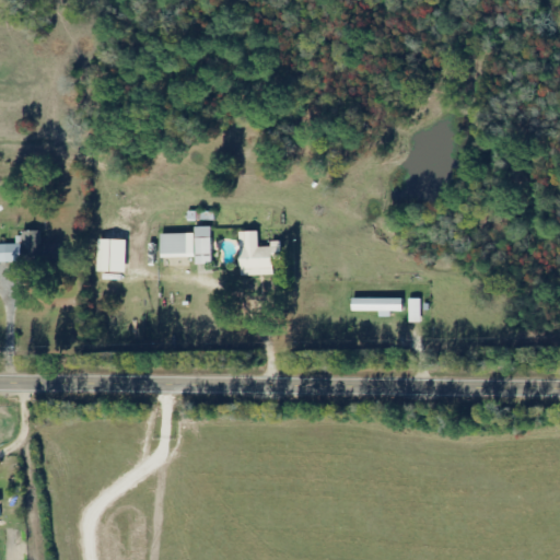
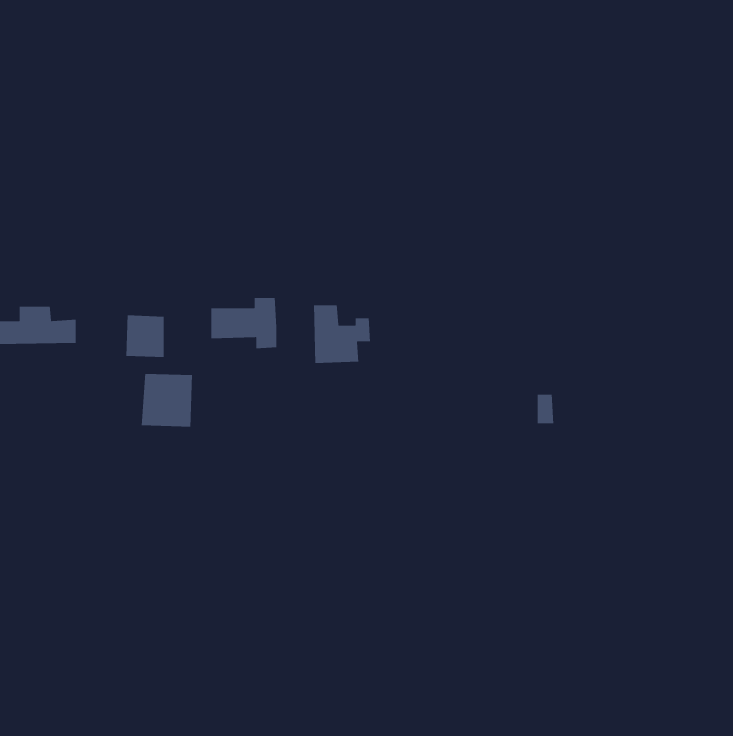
building: none -> [141,373,193,427]
building: [350,298,401,316] -> none

